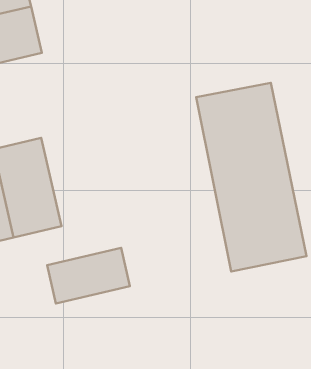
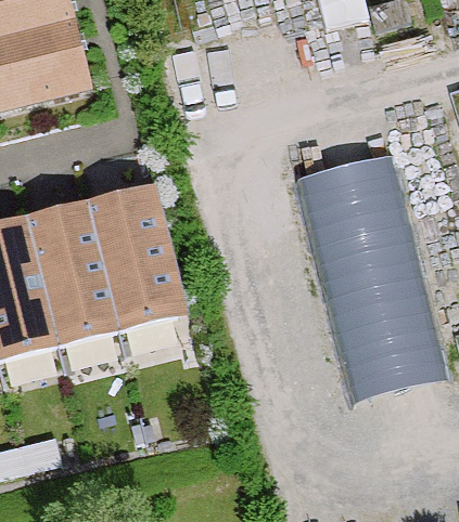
building: none -> [91,196,183,328]
building: [47,248,130,303] -> none

